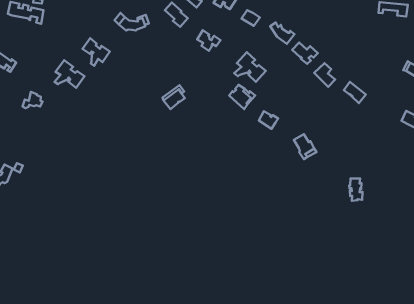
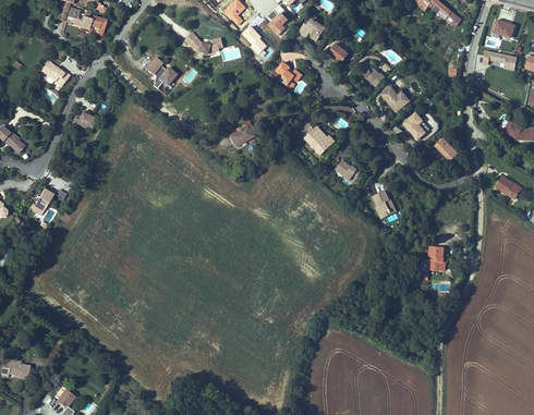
building: [234,52,266,82] -> none
building: [54,60,85,88] -> none

